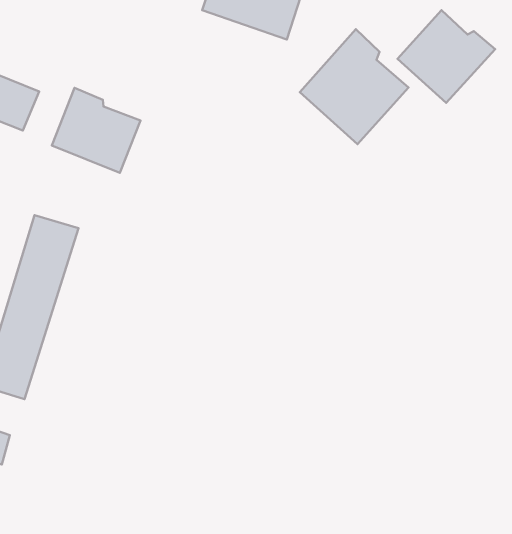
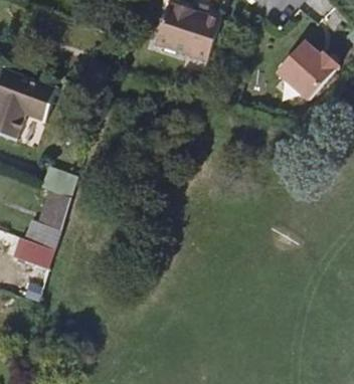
building: [300,29,409,144] -> none
building: [52,88,141,173] -> none

